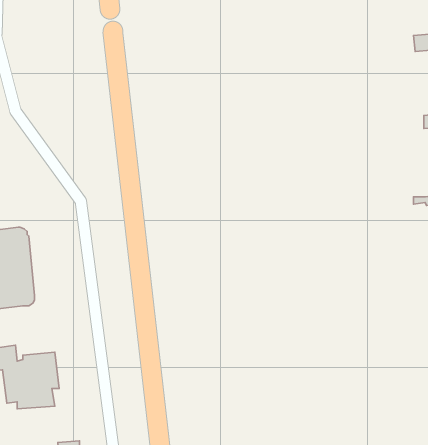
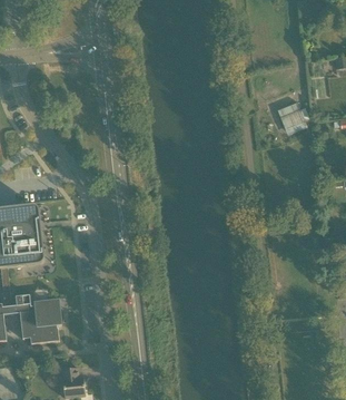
building: none -> [277,103,309,135]

